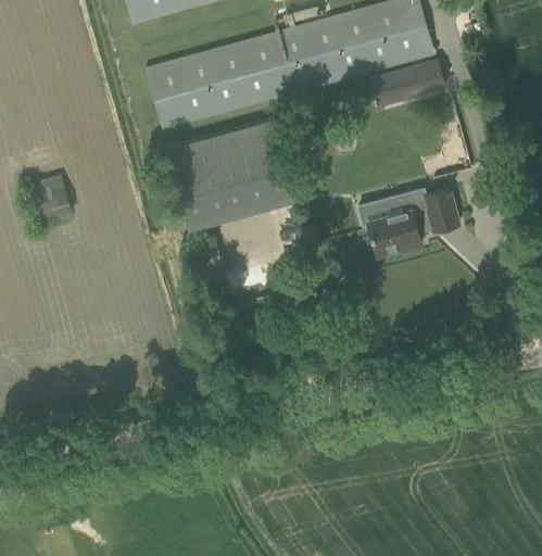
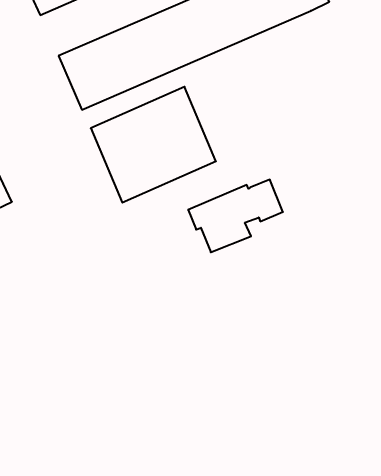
building: [370,58,446,106] -> none
building: [360,187,458,254] -> [188,180,283,252]

